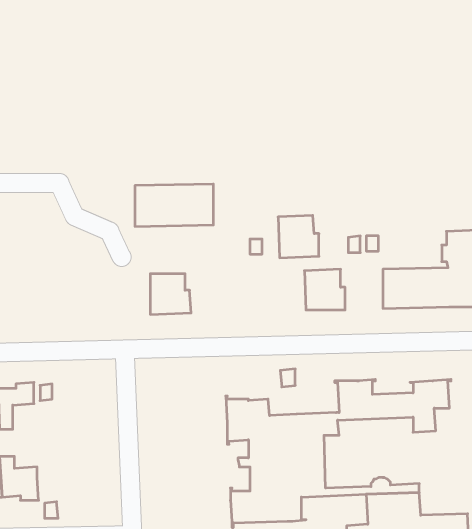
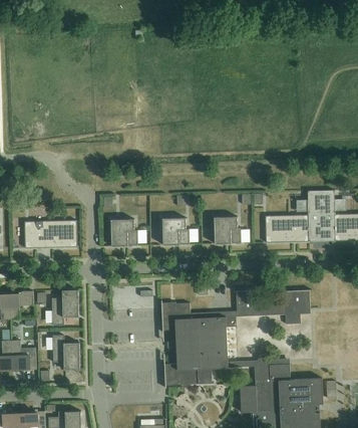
building: [135,184,213,226] -> [24,220,76,248]
building: [278,215,319,258] -> [161,217,189,245]
building: none -> [51,289,78,325]
building: none -> [52,335,79,370]

